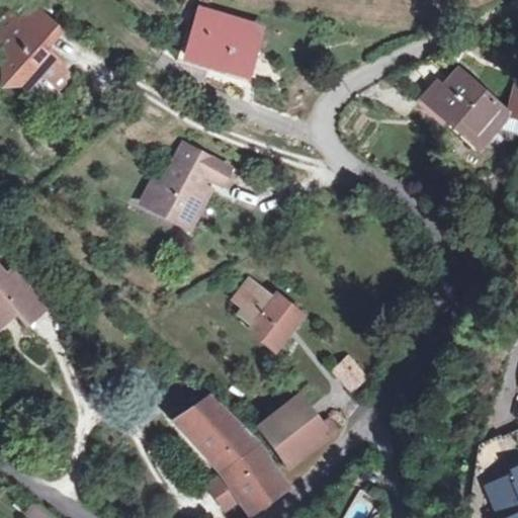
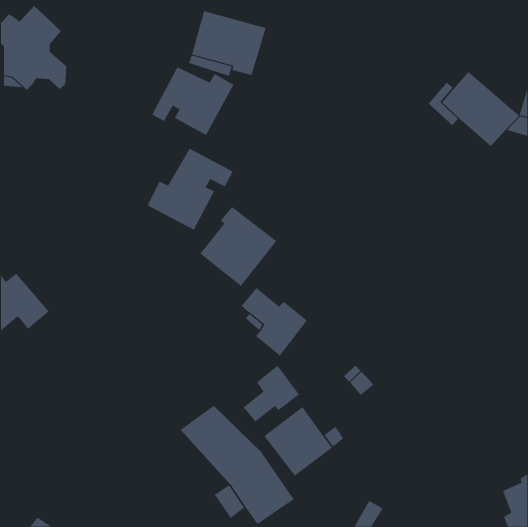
building: none -> [151,67,234,136]
building: none -> [199,206,277,287]
building: none -> [243,365,300,422]

